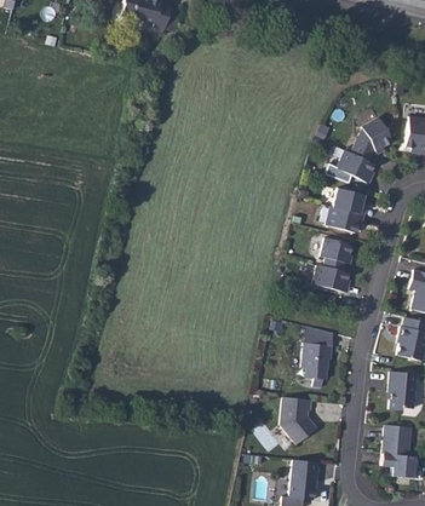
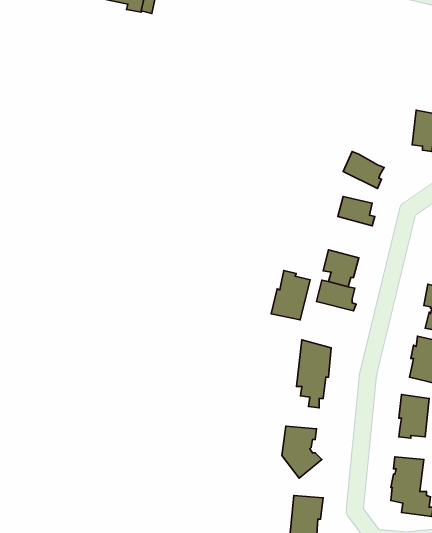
building: [352,116,394,160] -> none
building: [326,207,364,234] -> none
building: none -> [271,270,310,320]

